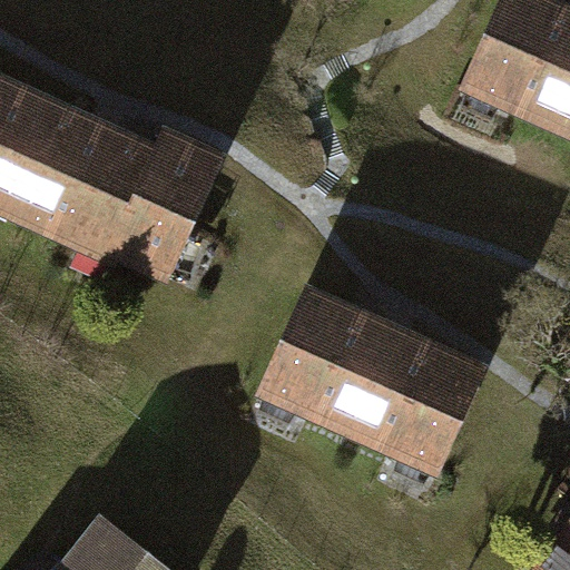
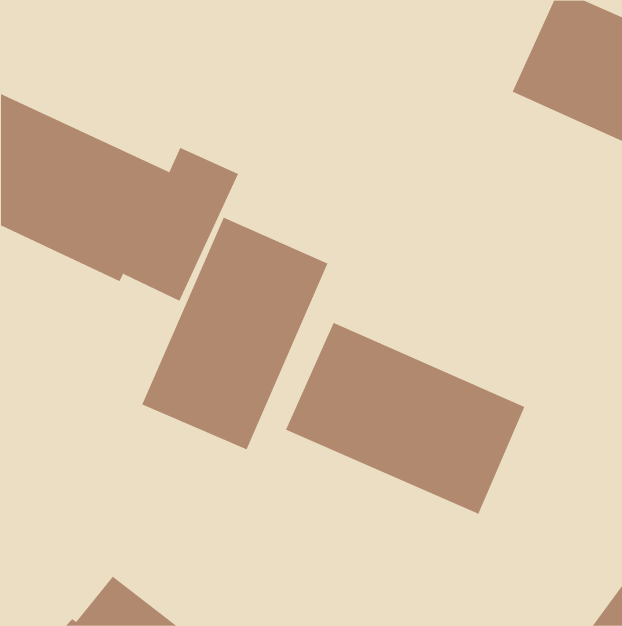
building: none -> [141,217,328,450]

